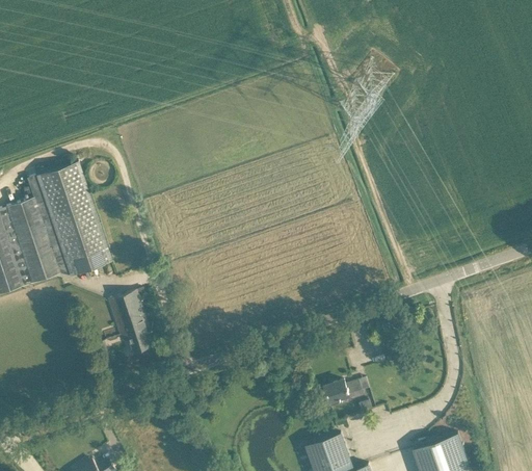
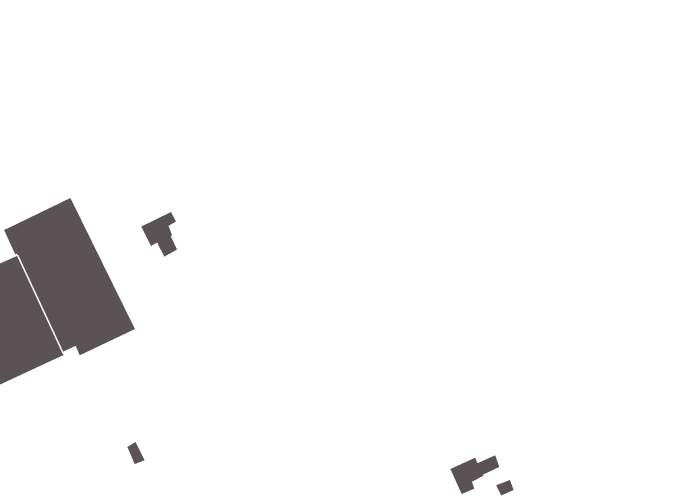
building: none -> [141,211,178,257]
building: [107,291,151,354] -> none

